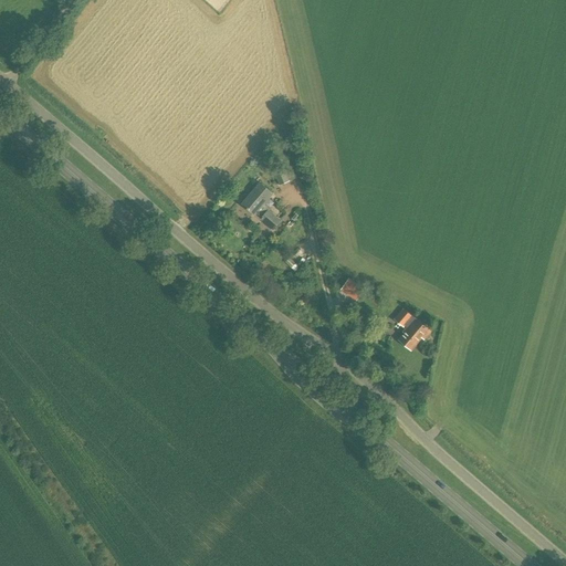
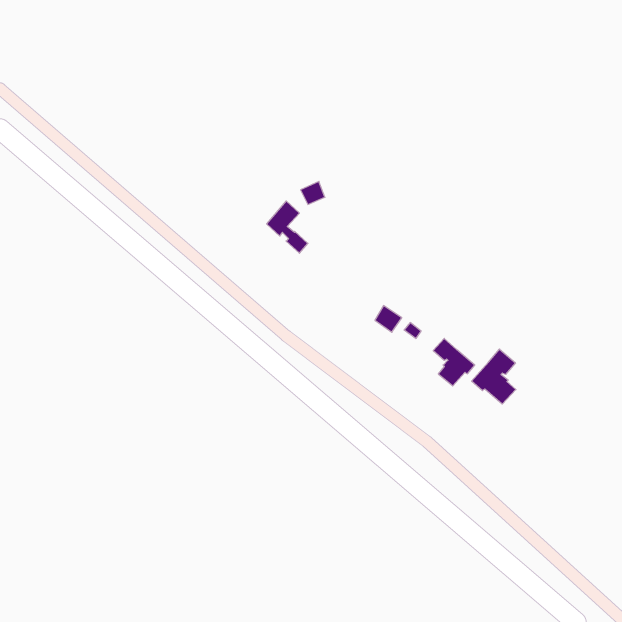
building: none -> [472,349,516,404]

